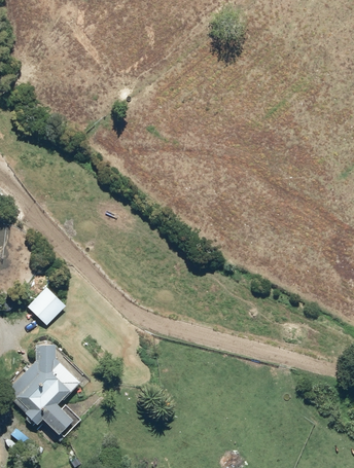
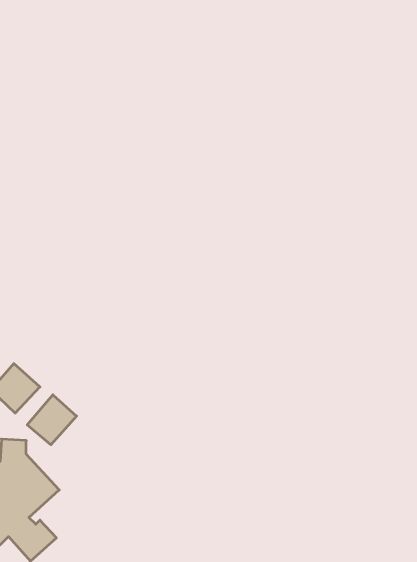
building: none -> [27,395,77,445]

